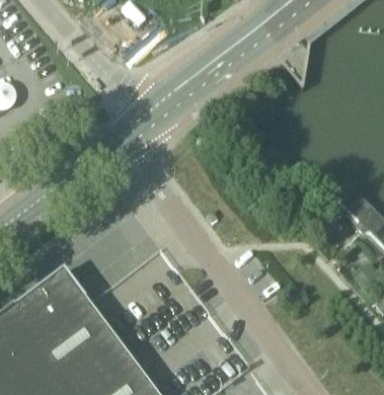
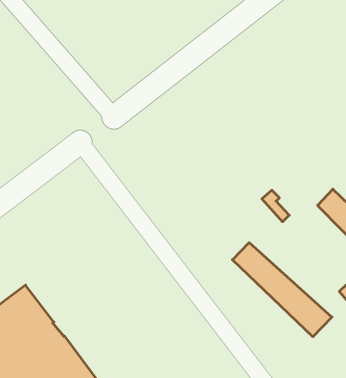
building: none -> [232,243,332,337]

